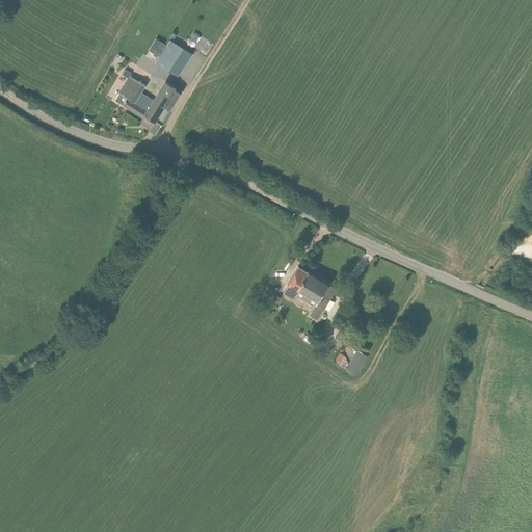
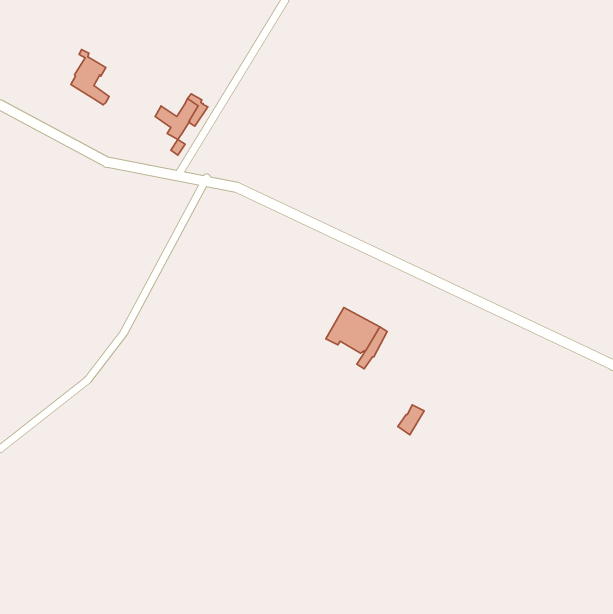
building: [154,39,191,75] -> none
building: [114,70,148,117] -> [71,50,109,105]

